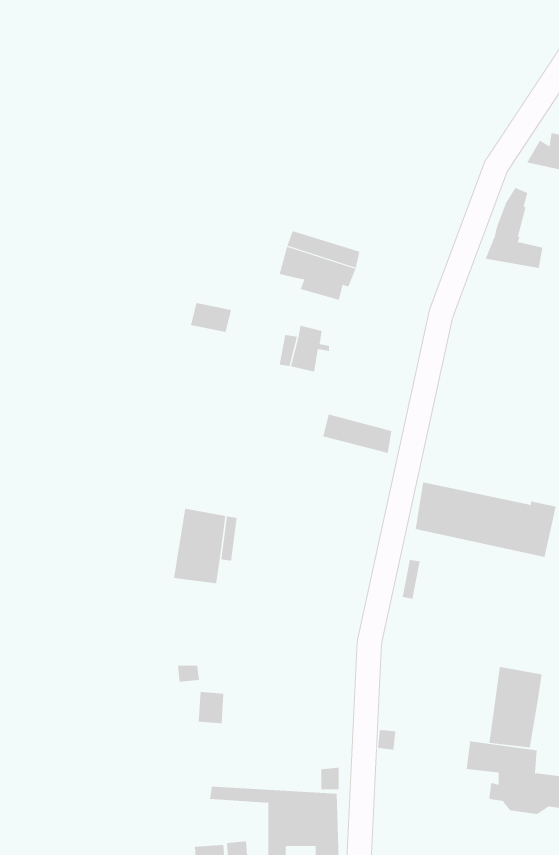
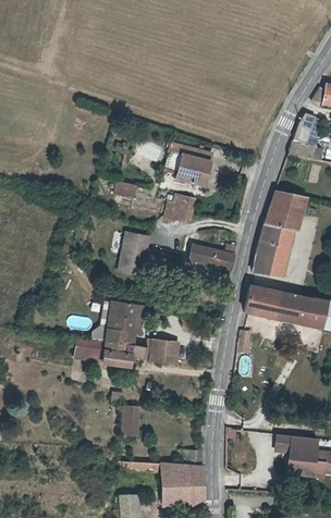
building: none -> [254,190,307,278]
building: none -> [121,231,154,275]
building: none -> [74,340,147,366]
building: none -> [151,340,177,363]
building: [489,666,542,748] -> none

